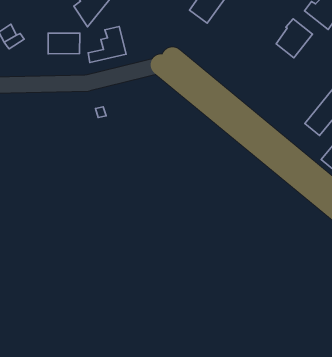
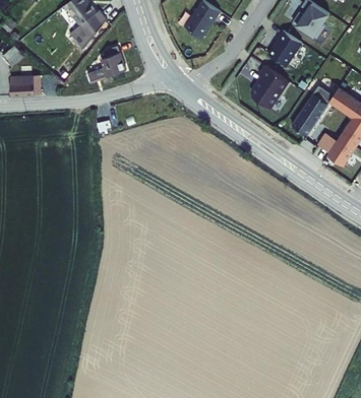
building: [48,33,80,54] -> [12,74,43,95]
building: none -> [249,63,286,106]

